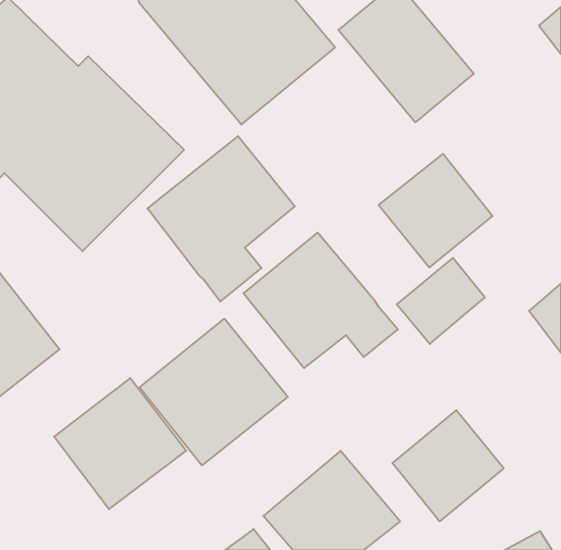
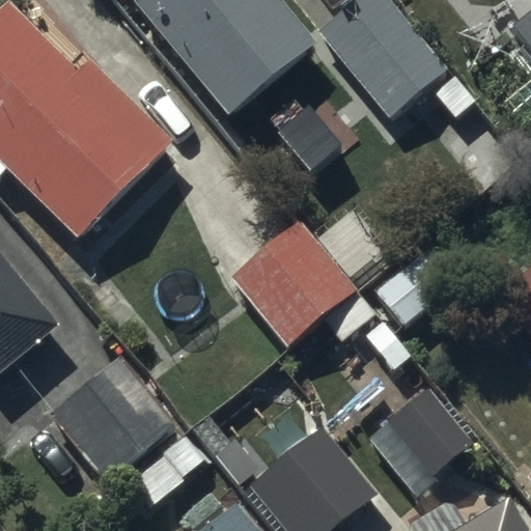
building: [147,136,295,302] -> none
building: [379,154,493,267] -> none
building: [140,319,288,465] -> none

